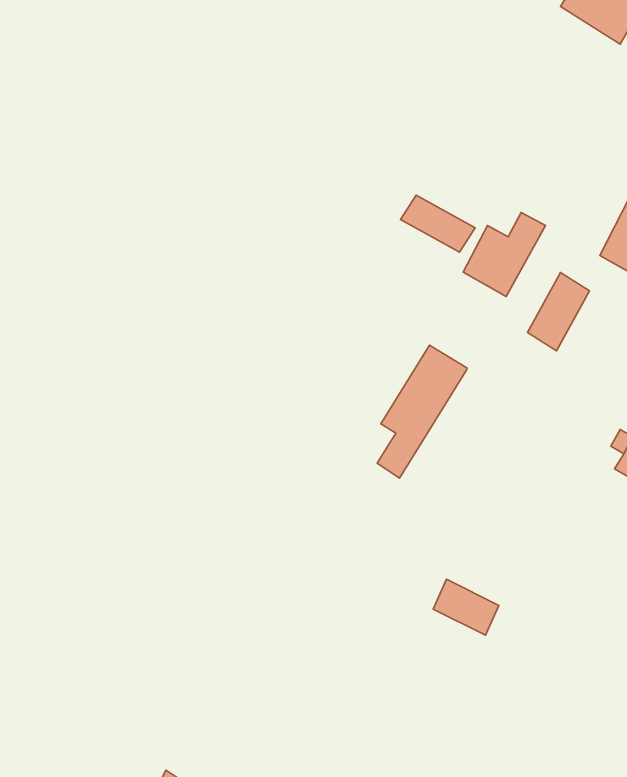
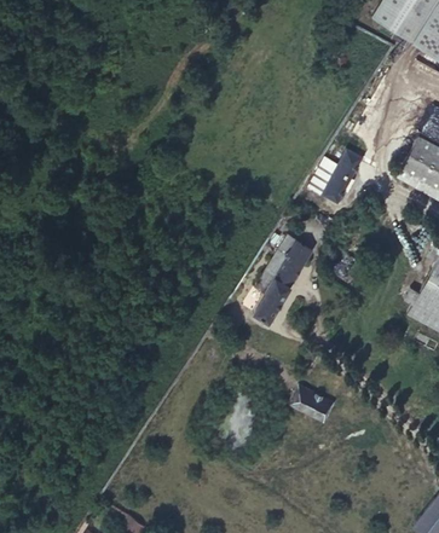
building: [401,195,475,252] -> none
building: [528,272,590,351] -> none

